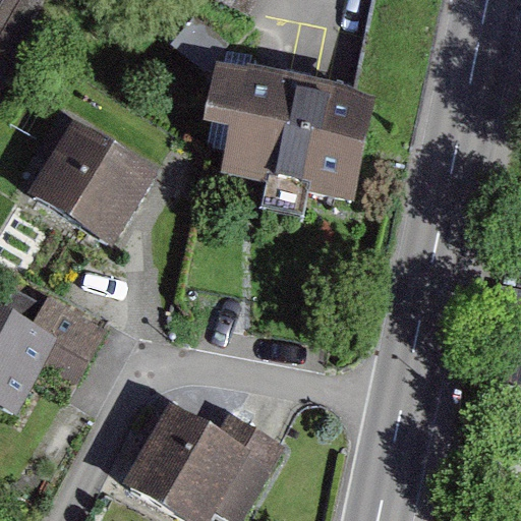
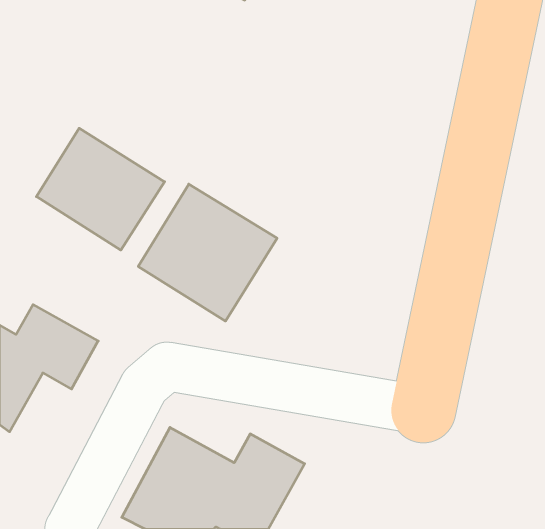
building: [210,72,369,199] -> none
building: none -> [138,184,277,321]

